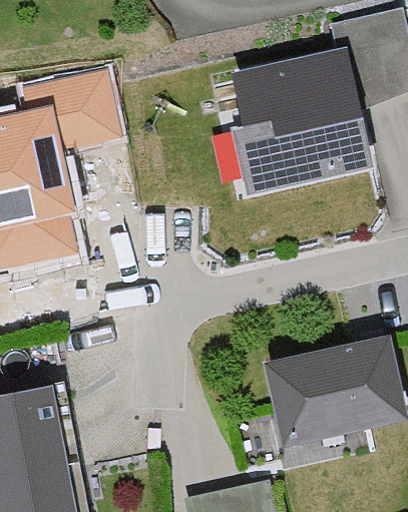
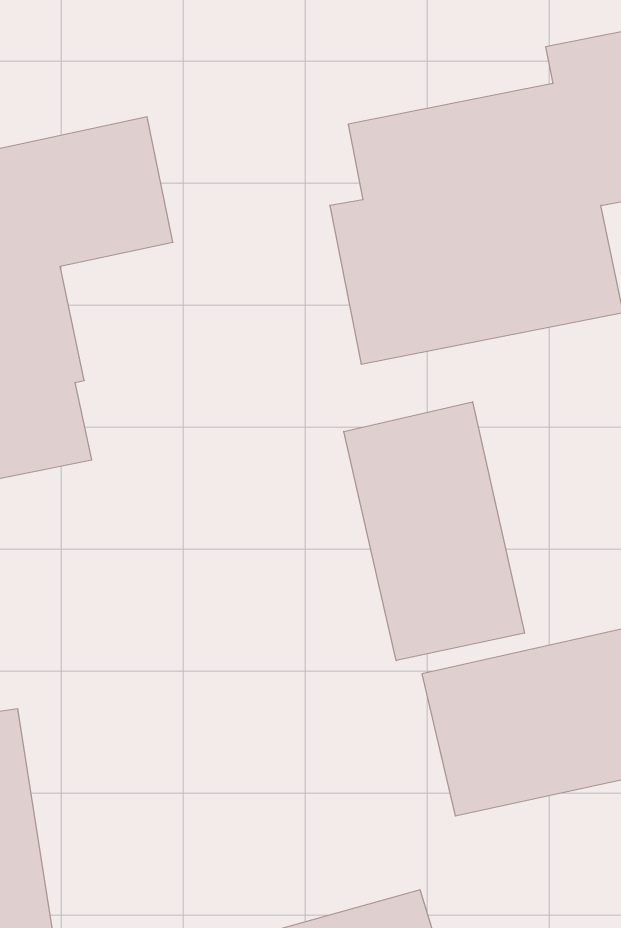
building: none -> [344,402,524,661]

